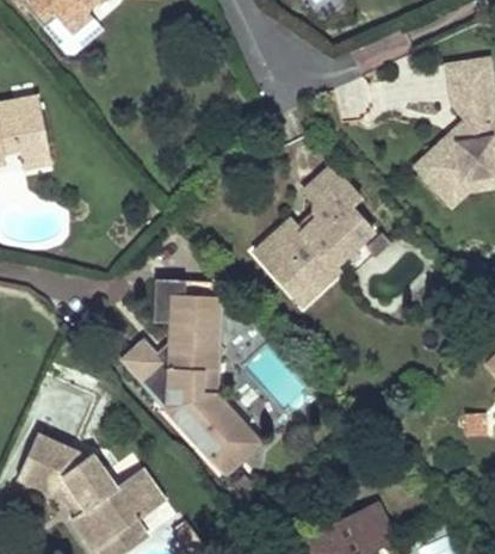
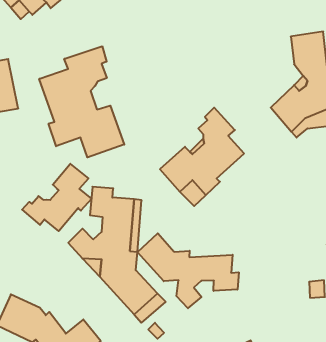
building: none -> [39,46,124,157]
building: none -> [22,164,91,231]
building: none -> [137,233,239,308]

